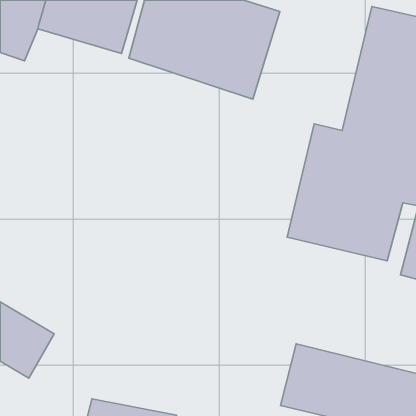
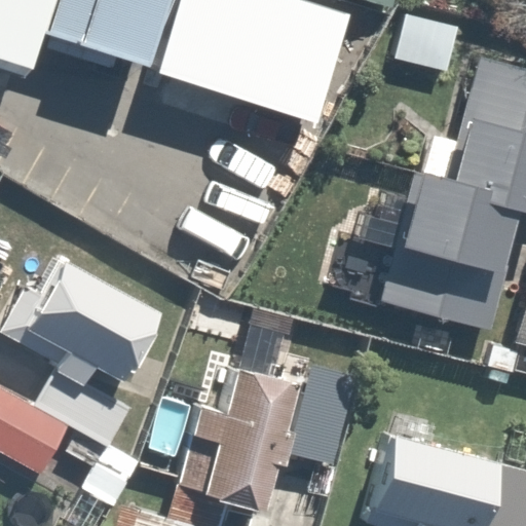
building: none -> [13,242,173,374]
building: none -> [180,360,300,520]

